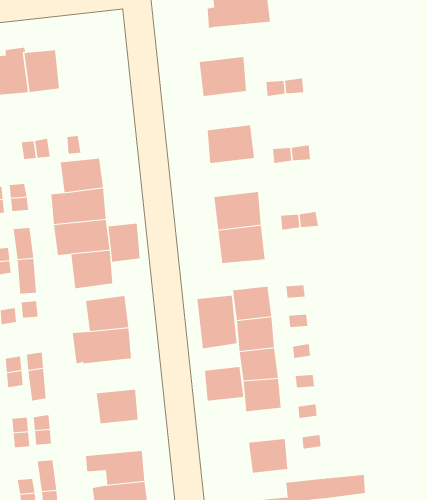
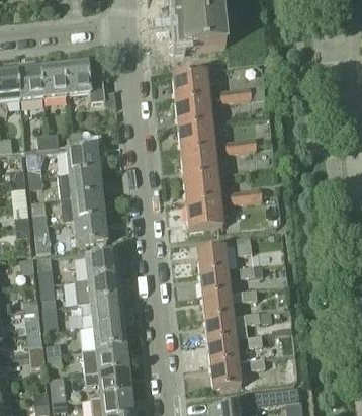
building: none -> [63,63,116,104]
building: none -> [174,97,210,127]
building: none -> [179,148,216,177]
building: [108,223,140,263] -> none
building: [197,295,237,349] -> none
building: none -> [83,300,123,326]
building: [204,367,244,401] -> [206,337,237,363]
building: none -> [82,346,128,373]

